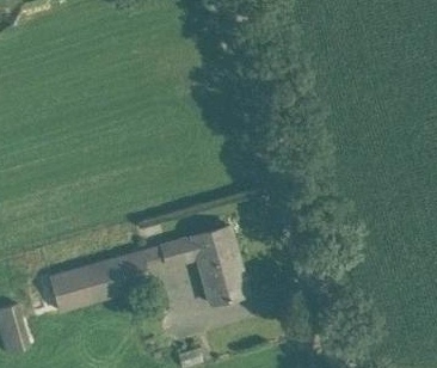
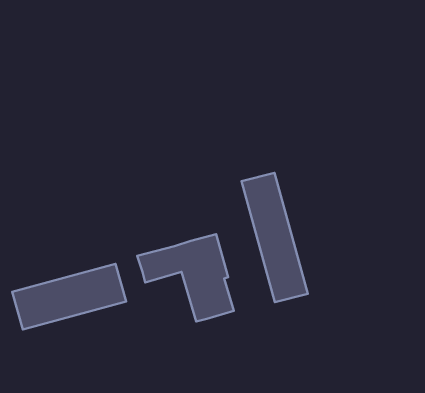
building: none -> [242,173,308,302]

